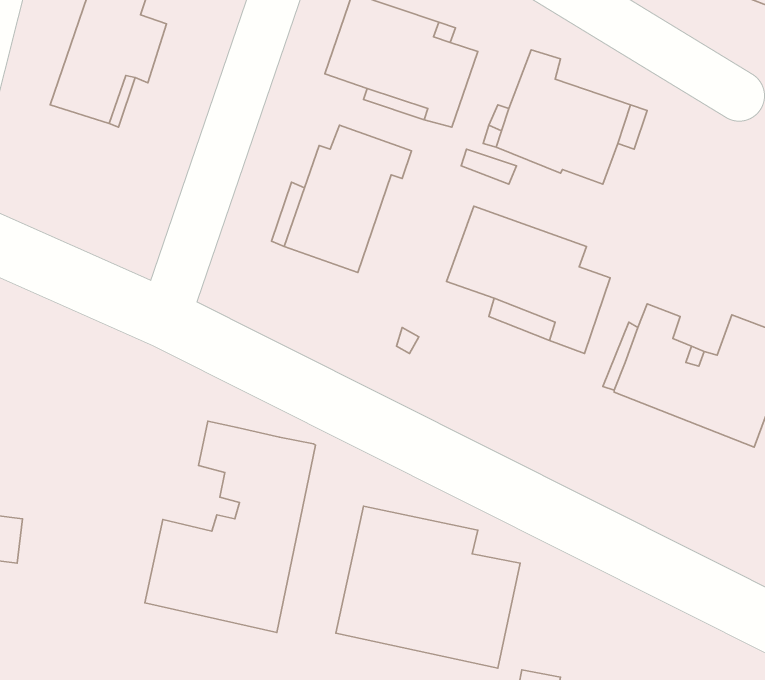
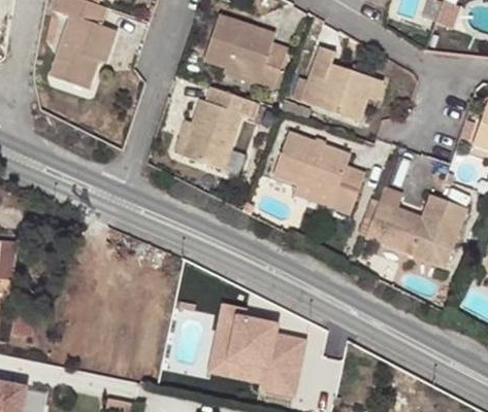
building: [145,421,315,633] -> none

